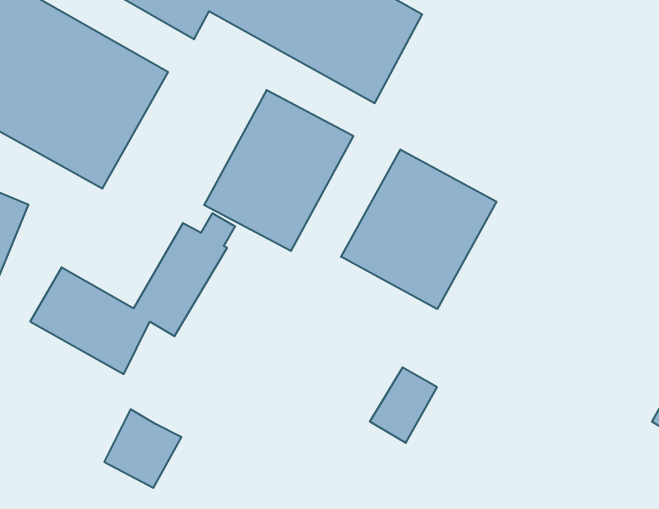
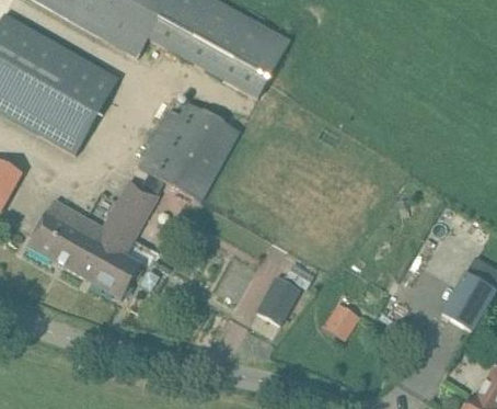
building: [341,149,496,309] -> none
building: none -> [324,302,359,338]
building: [104,409,181,488] -> [89,245,140,297]

